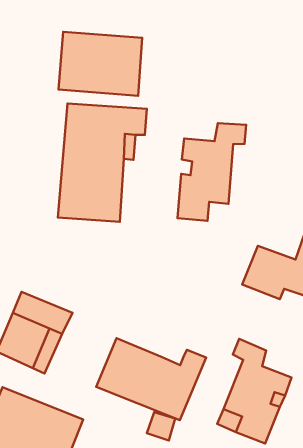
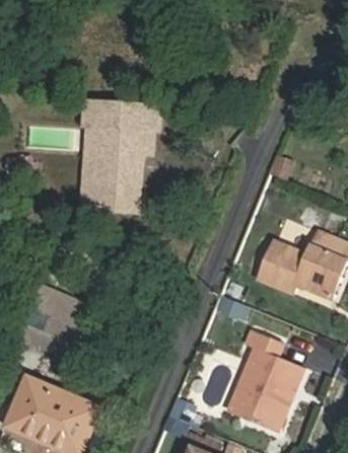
building: [58,32,142,96] -> none
building: [178,123,246,221] -> none
building: [96,338,206,420] -> none

